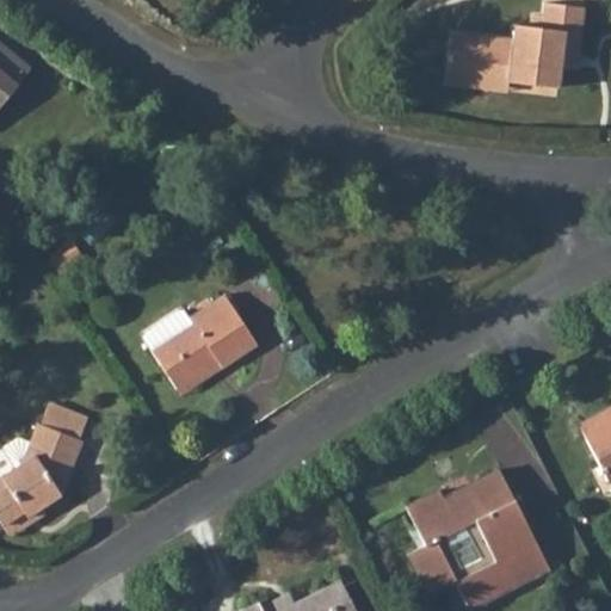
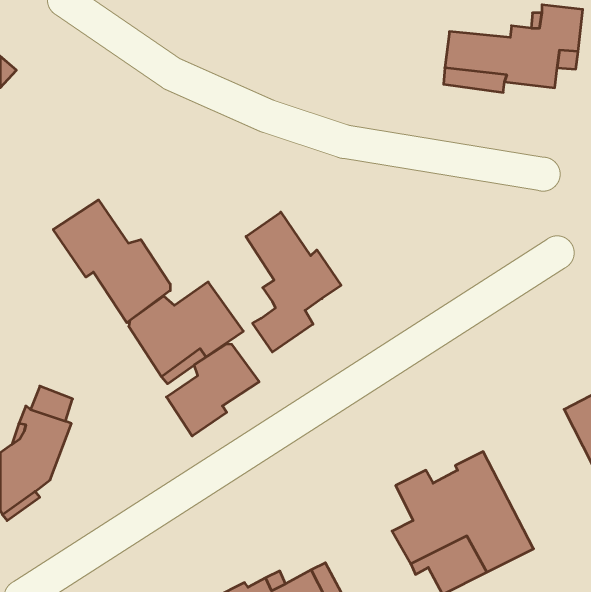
building: none -> [53,200,170,323]
building: none -> [246,212,341,352]
building: none -> [166,344,259,436]

